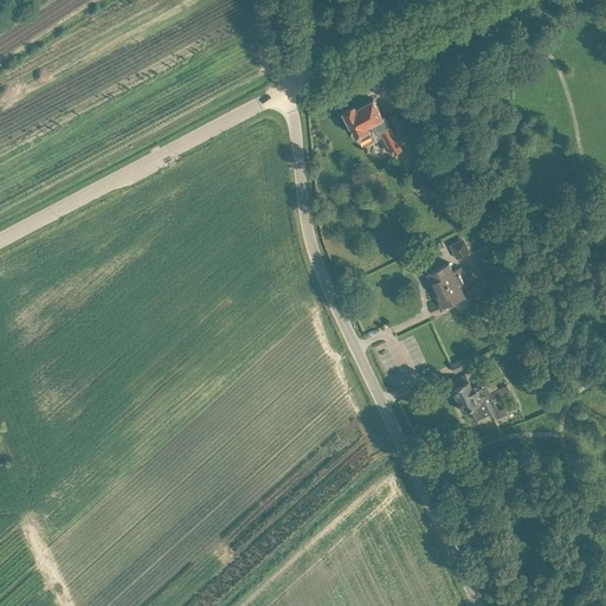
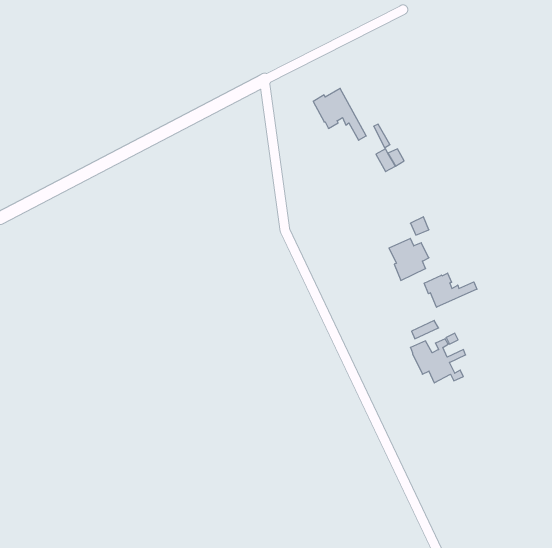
building: none -> [424,273,477,307]

